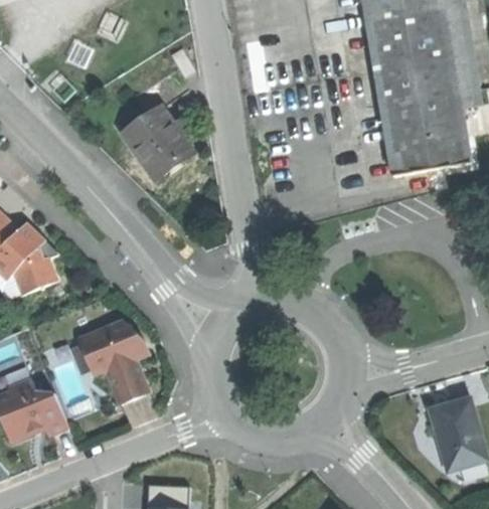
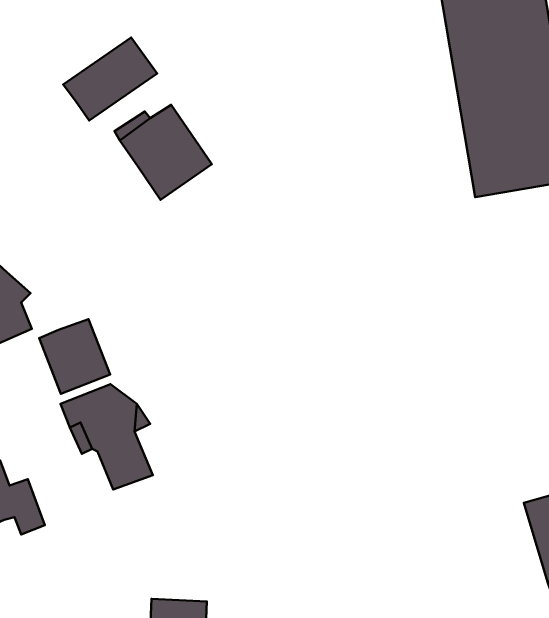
building: none -> [63,37,157,121]
building: none -> [39,319,110,394]

